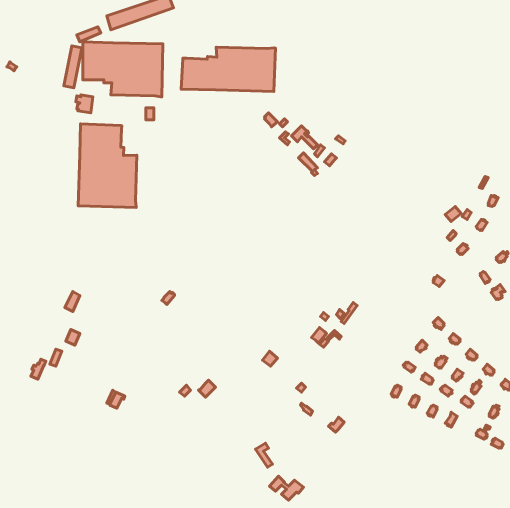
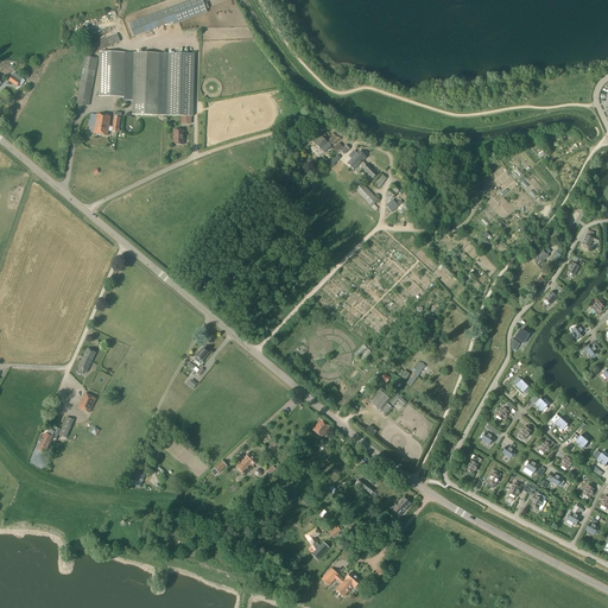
building: [181,47,275,92] -> none
building: [78,124,137,208] -> none

